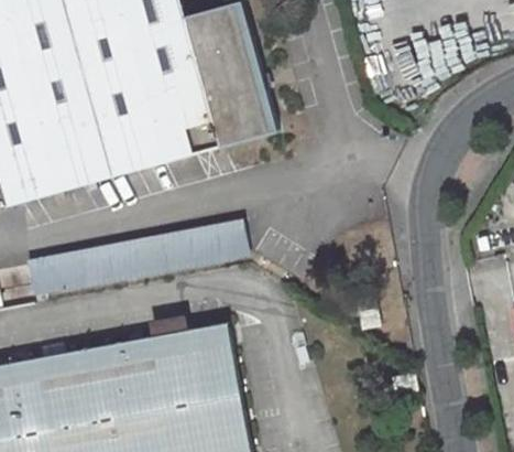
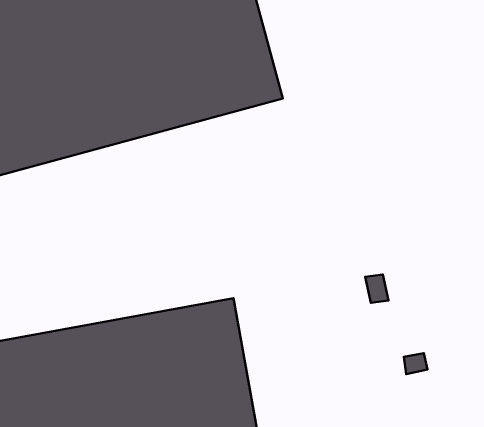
building: [24,220,248,298] -> none

